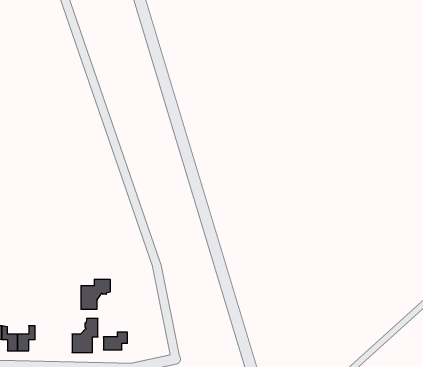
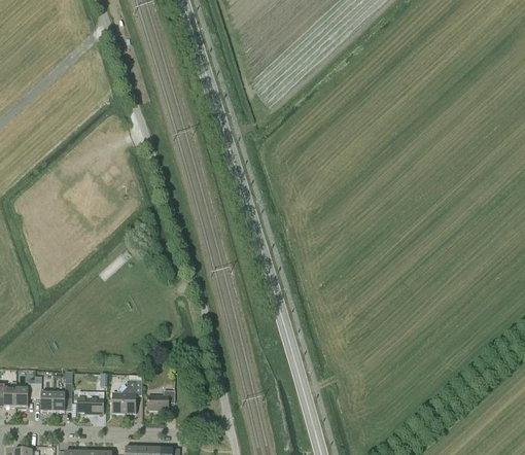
building: [81,279,110,309] -> none
building: none -> [76,390,102,414]

